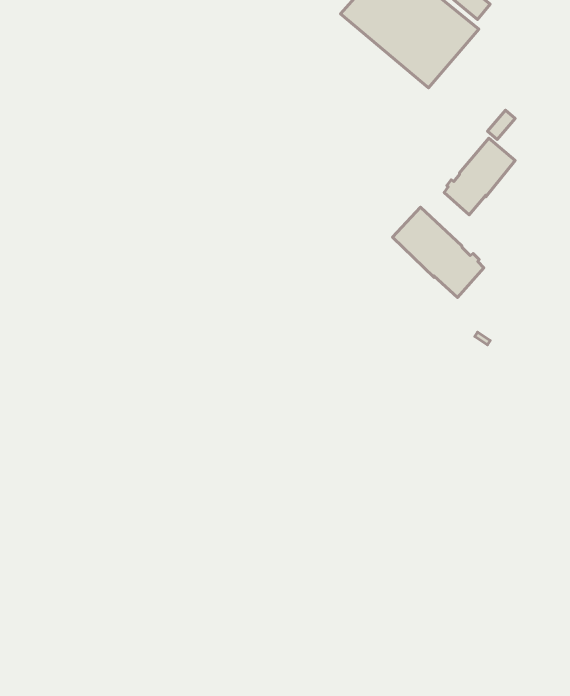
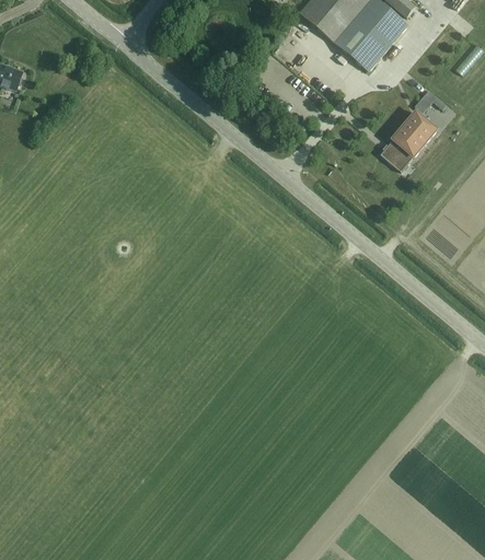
building: [392,207,484,297] -> none

